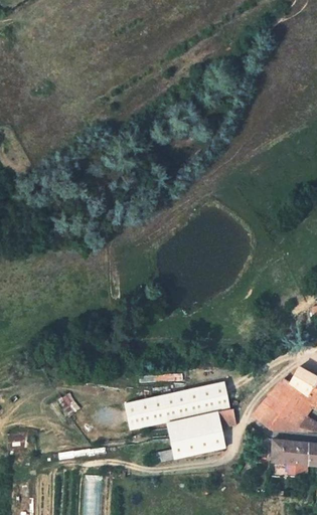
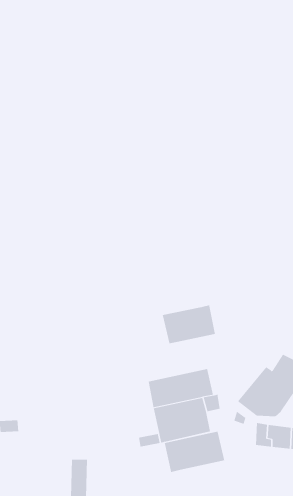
building: none -> [162,304,216,344]
building: [126,395,166,428] -> none
building: none -> [164,431,225,473]

